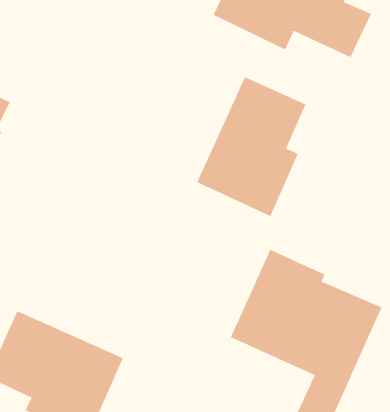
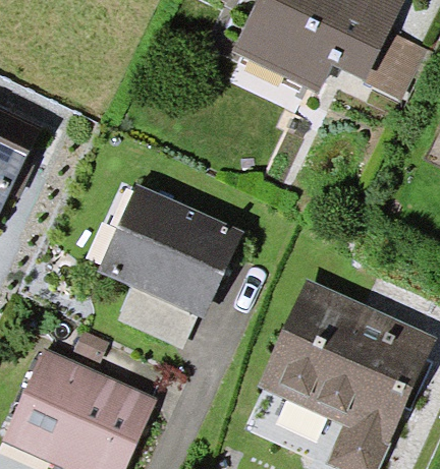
building: [196,76,306,217] -> none
building: none -> [108,193,226,346]

